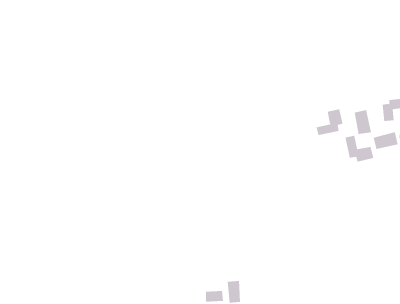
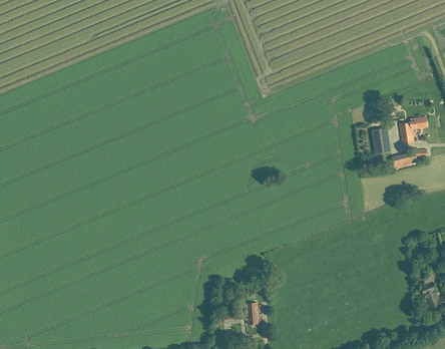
building: [316,108,343,136] -> none
building: [345,135,374,162] -> none

